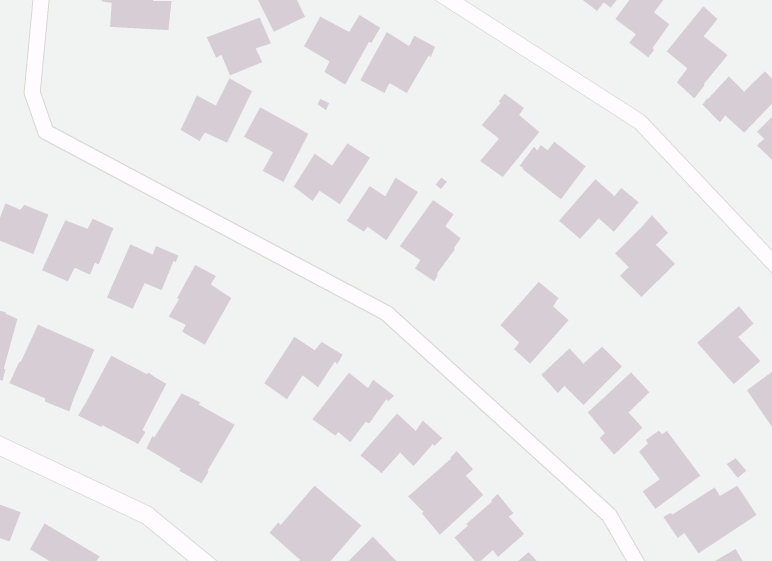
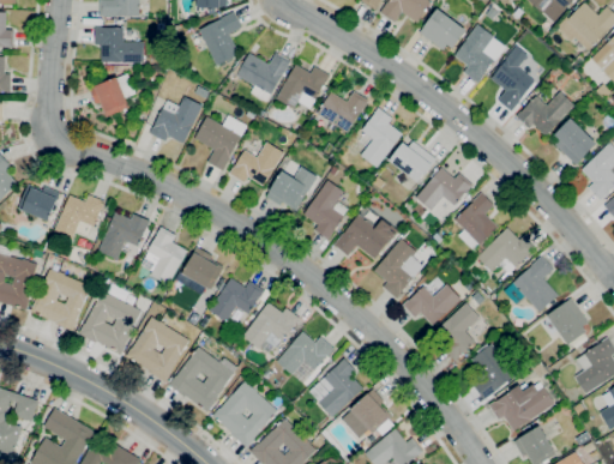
building: [205,16,272,76] -> [89,74,136,116]
building: none -> [314,90,369,132]
building: none -> [333,215,399,258]
building: none -> [476,227,536,275]
building: none -> [175,247,223,294]
building: none -> [168,347,237,411]

